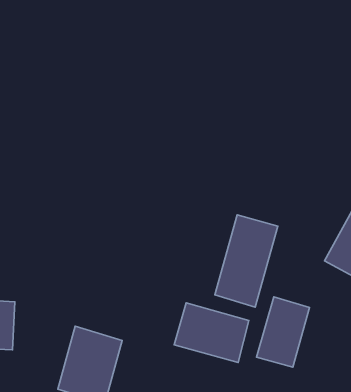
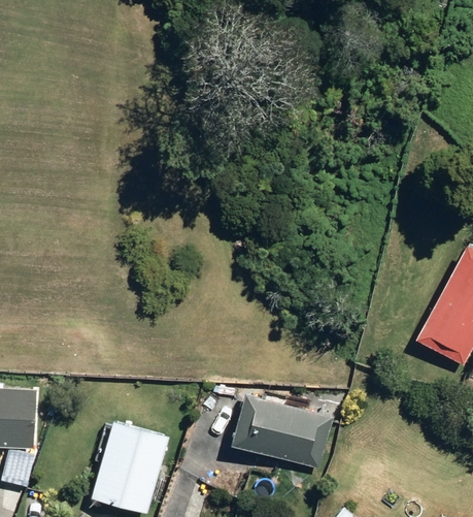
building: [215,215,278,307] -> none
building: [257,297,309,367] -> none

